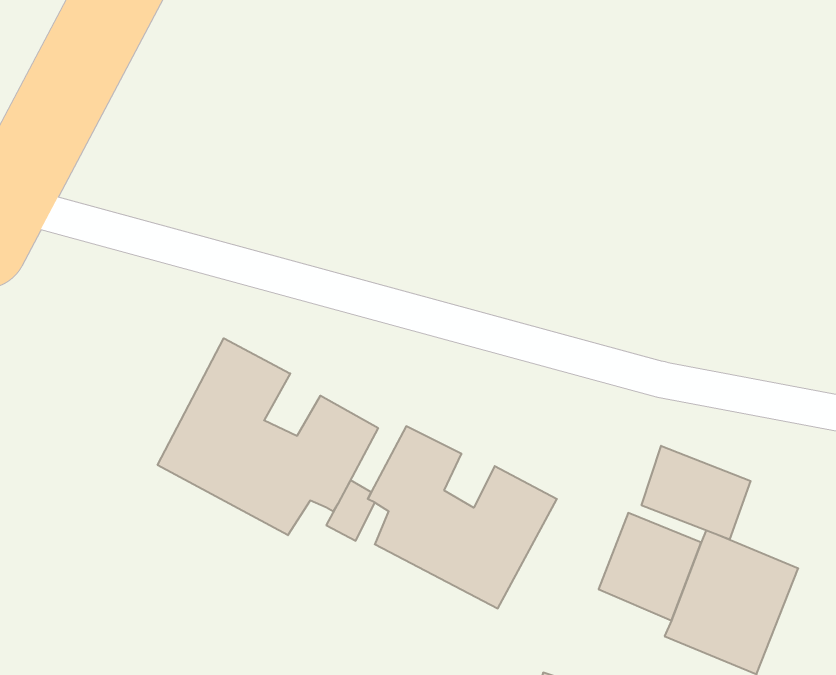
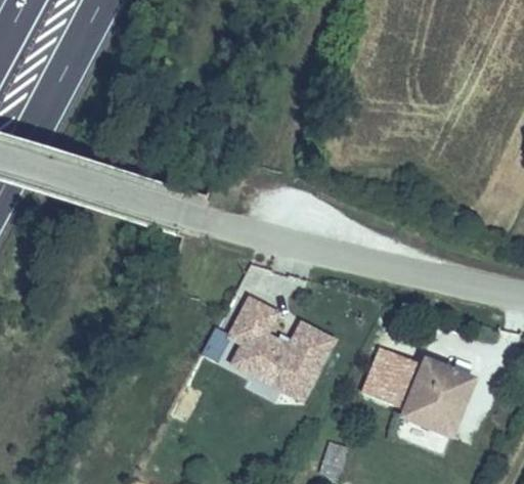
building: [158,338,378,535] -> none
building: [642,446,751,539] -> none

